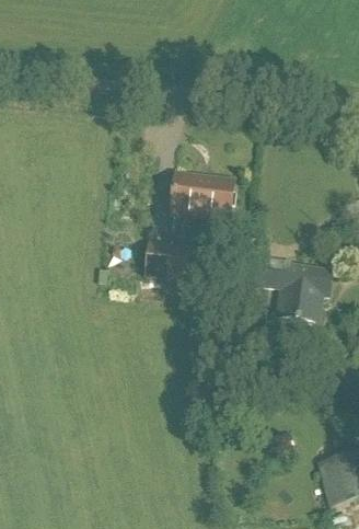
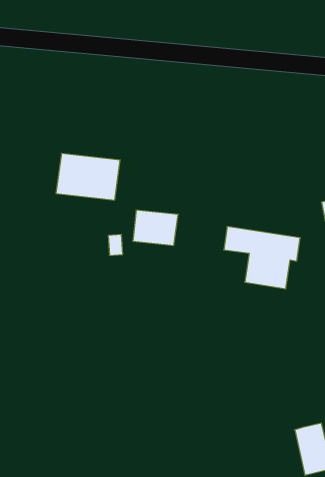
building: [170,170,233,216] -> [56,153,120,200]

